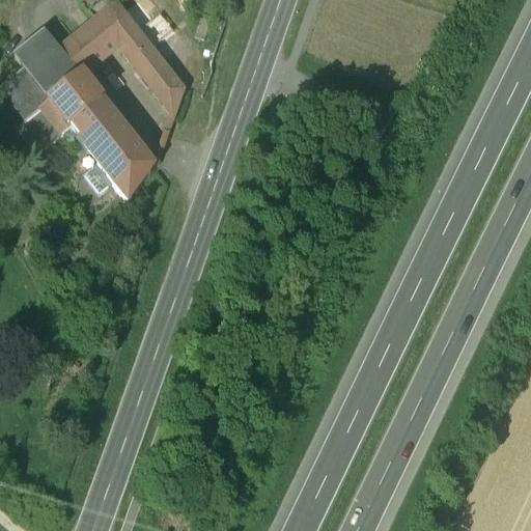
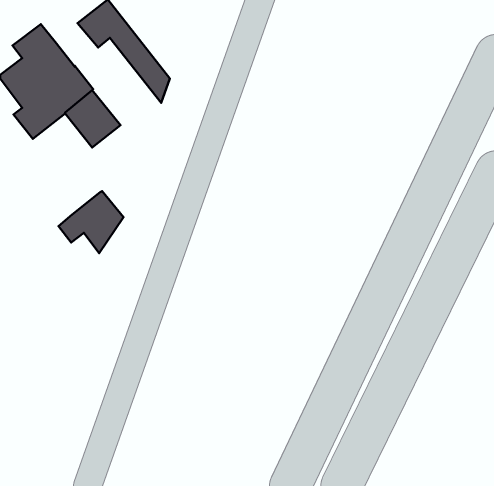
building: [61,25,107,72] -> none
building: [86,133,156,199] -> [58,191,123,253]

